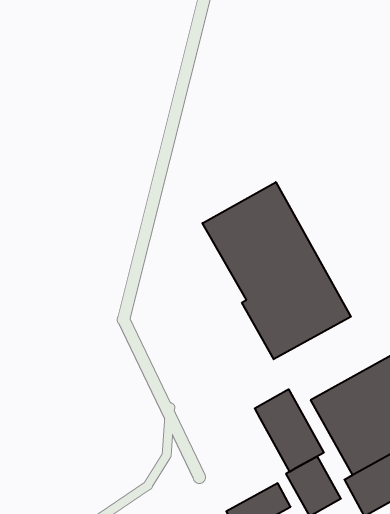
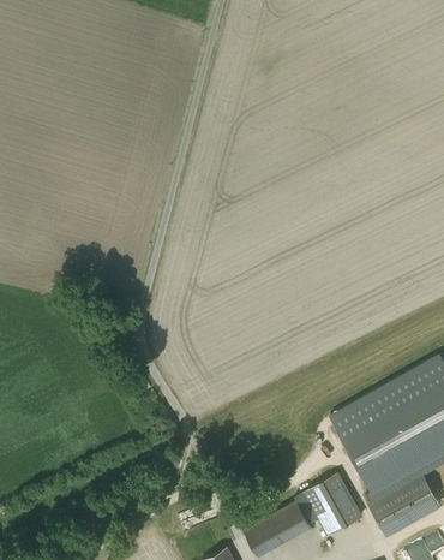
building: [202,182,351,359] -> none
building: [255,389,324,472] -> none

